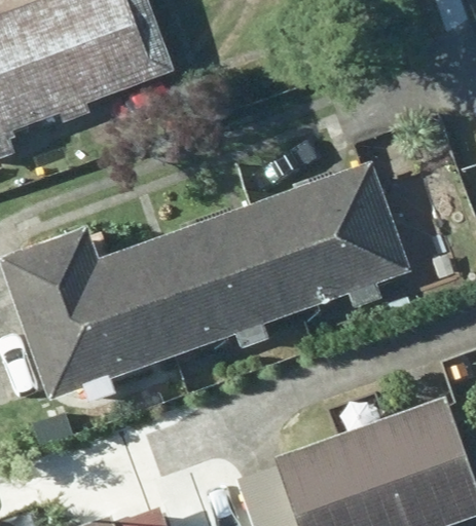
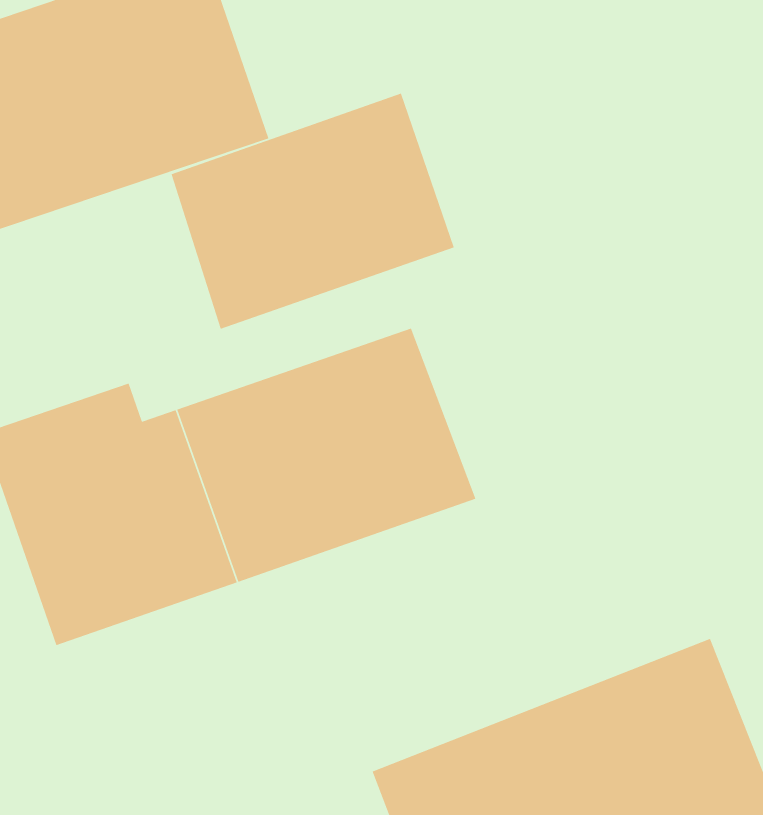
building: none -> [170,92,455,330]
building: [257,162,410,309] -> none

